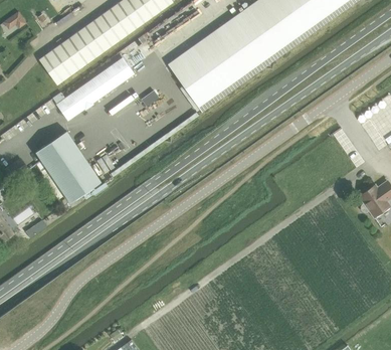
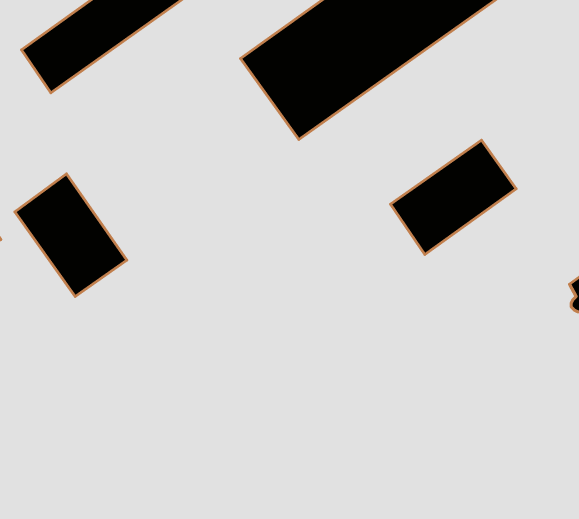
building: [56,57,133,119] -> none
building: none -> [391,140,516,254]

